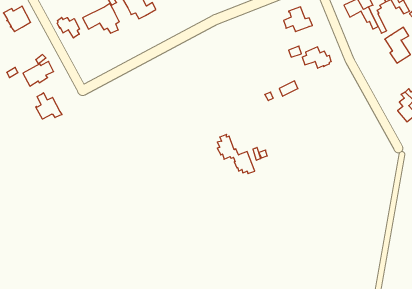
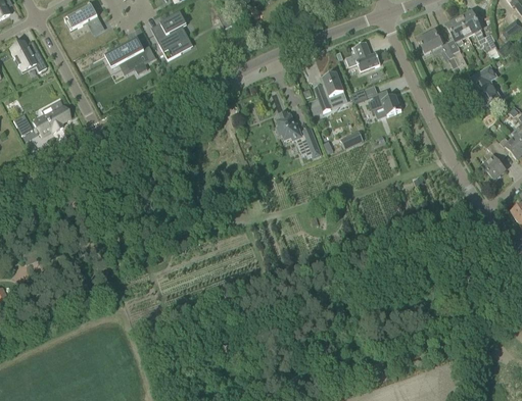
building: [57,17,80,38] -> none
building: none -> [309,71,345,114]
building: [36,93,62,119] -> none
building: [217,134,255,174] -> [276,110,321,157]

